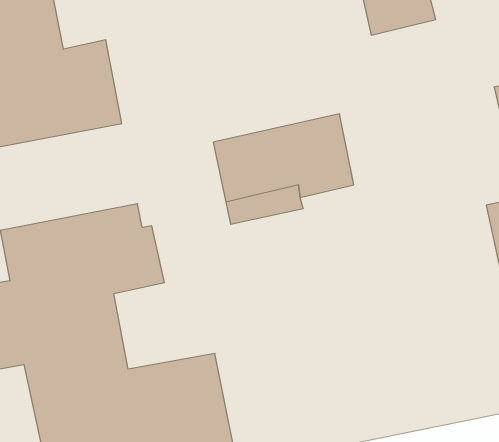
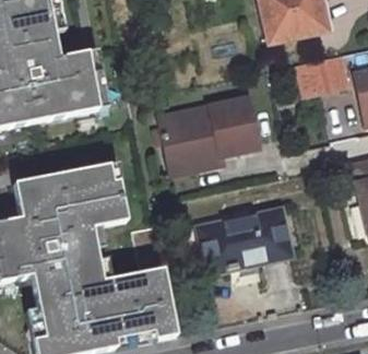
building: none -> [317,59,354,93]
building: none -> [200,203,289,268]

